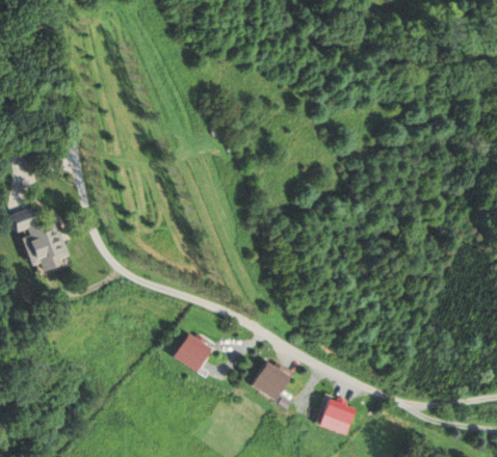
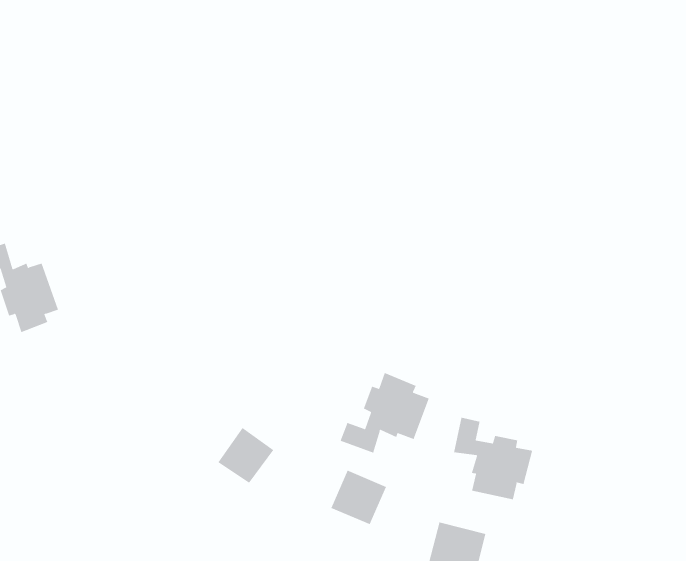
building: none -> [340,372,430,453]
building: none -> [454,417,533,500]

